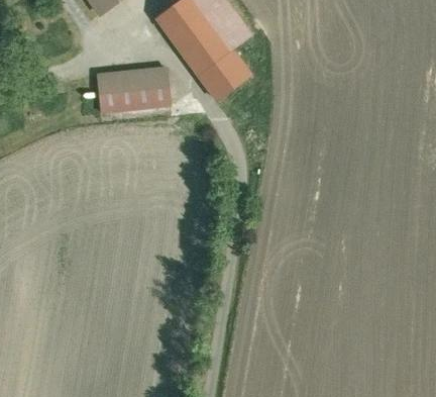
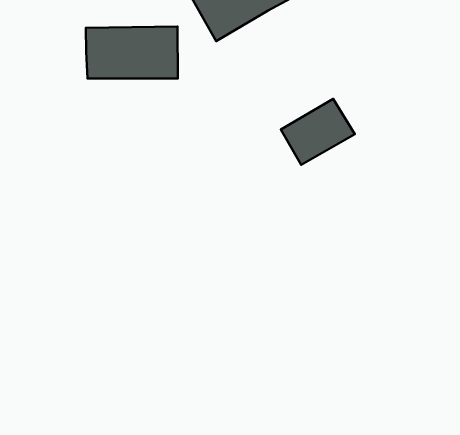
building: [195,46,251,99] -> [281,99,355,165]

